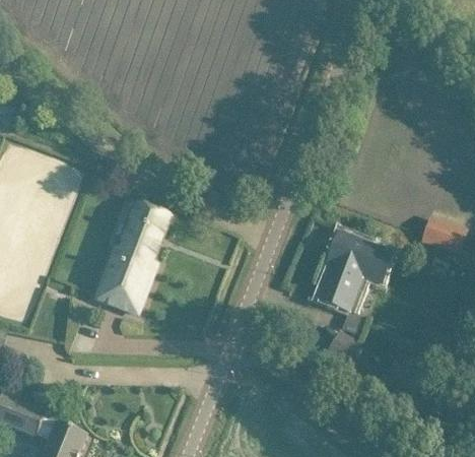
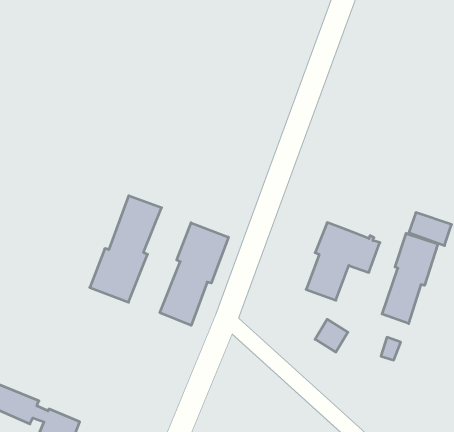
building: none -> [160,223,228,325]
building: none -> [382,233,438,324]

